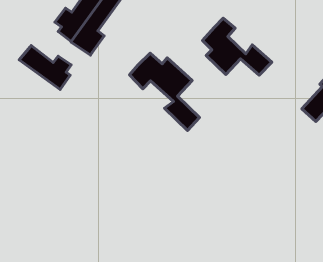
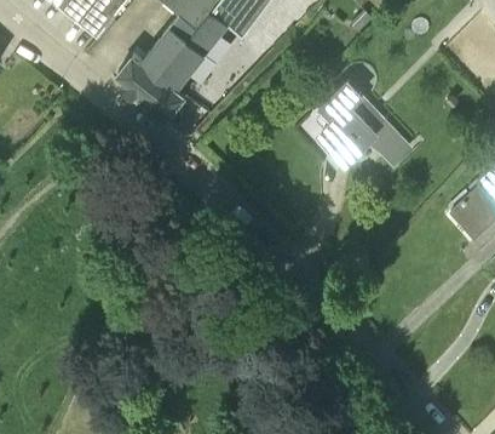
building: [19,46,71,89] -> none
building: [129,53,200,131] -> none

